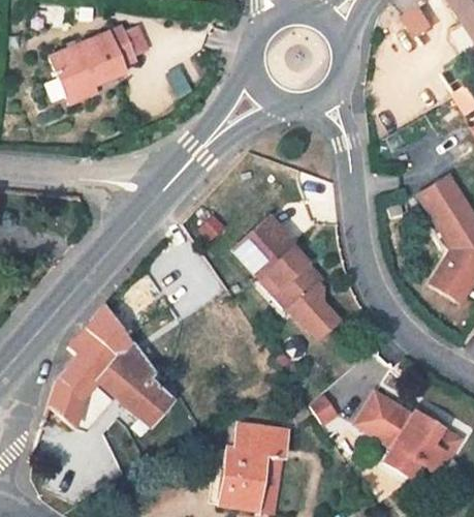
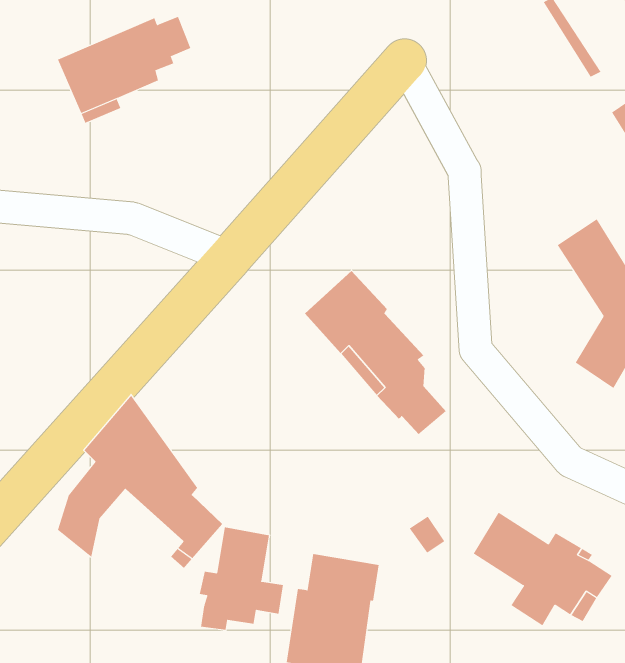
building: none -> [199,526,283,631]

